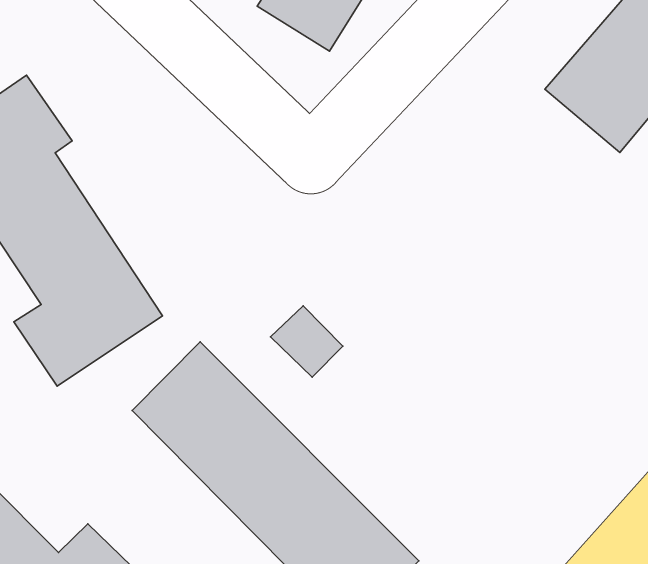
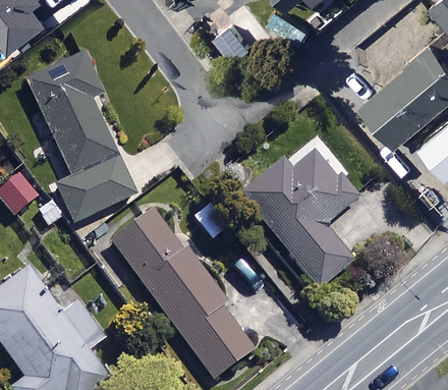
building: none -> [241,151,355,287]

